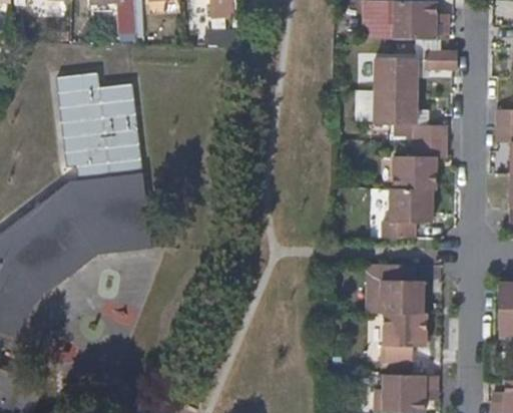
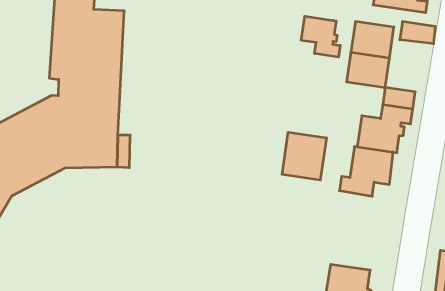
building: none -> [301,16,340,57]
building: none -> [282,132,326,180]
building: [382,266,424,316] -> none

